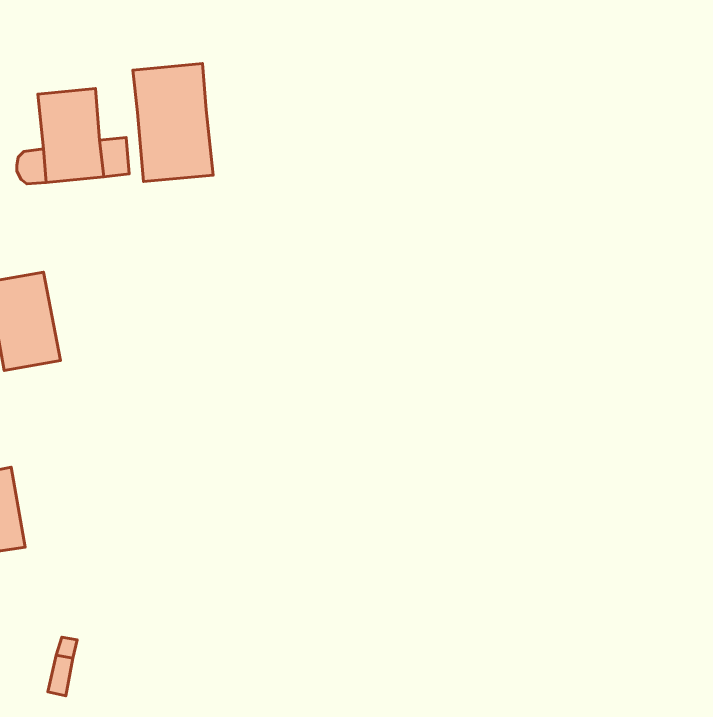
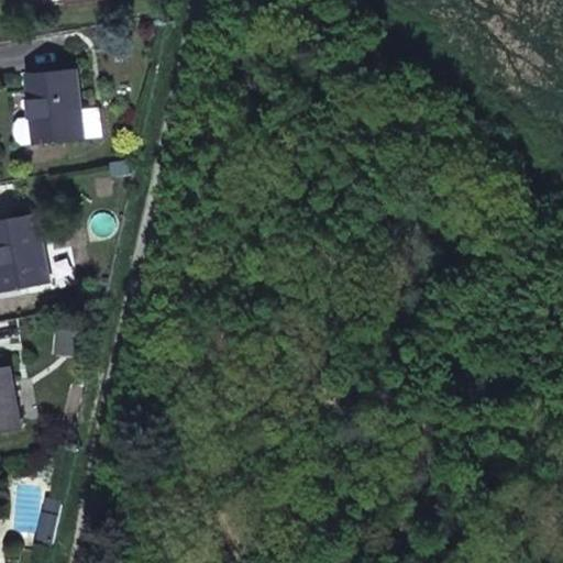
building: [133,64,213,182] -> none

